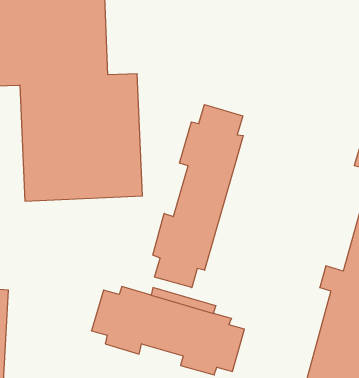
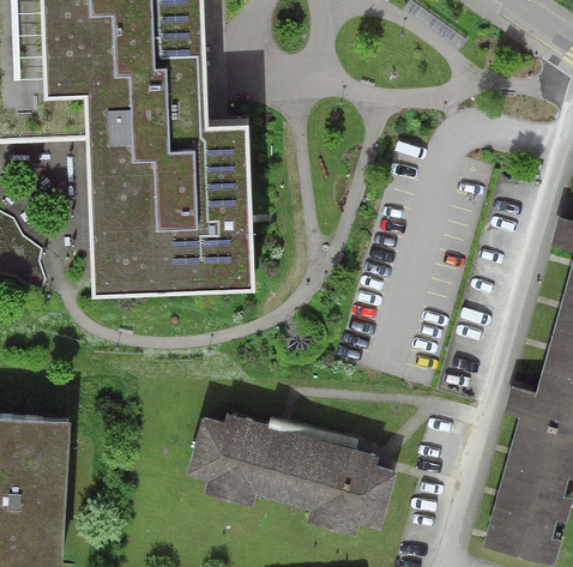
building: [153,105,243,288] -> none

